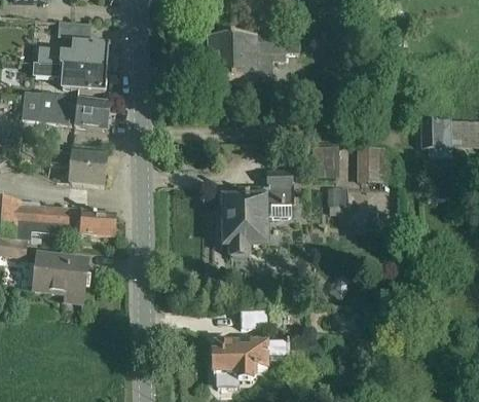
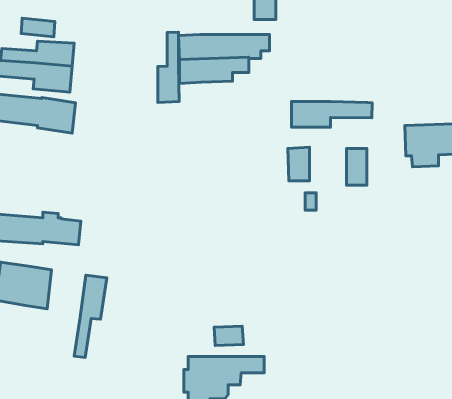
building: none -> [158,32,179,102]
building: none -> [292,102,372,127]
building: [50,149,105,185] -> none
building: [222,171,292,255] -> none
building: none -> [74,275,107,358]

